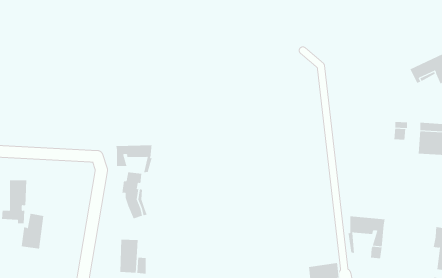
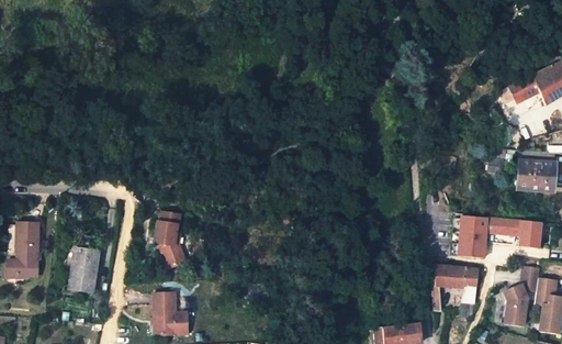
building: [116,145,153,173] -> none
building: none -> [458,215,540,257]
building: [21,213,44,249] -> [70,247,99,291]
building: none -> [505,266,541,325]

